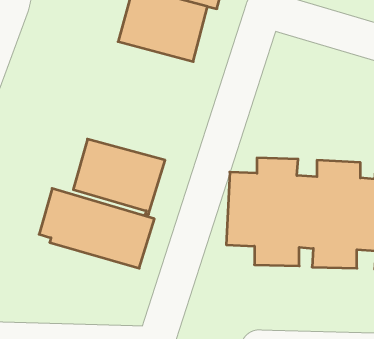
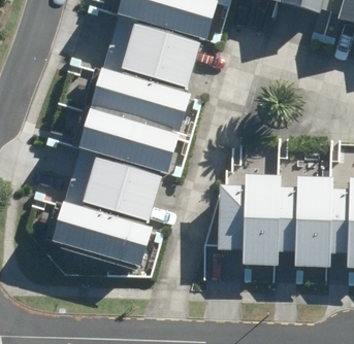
building: none -> [91,67,194,129]
building: none -> [77,107,181,173]

